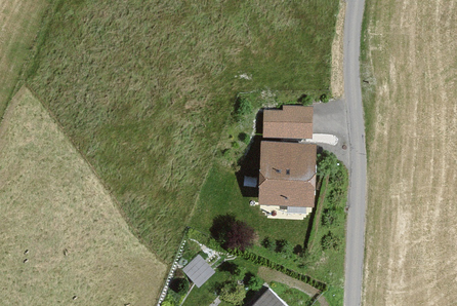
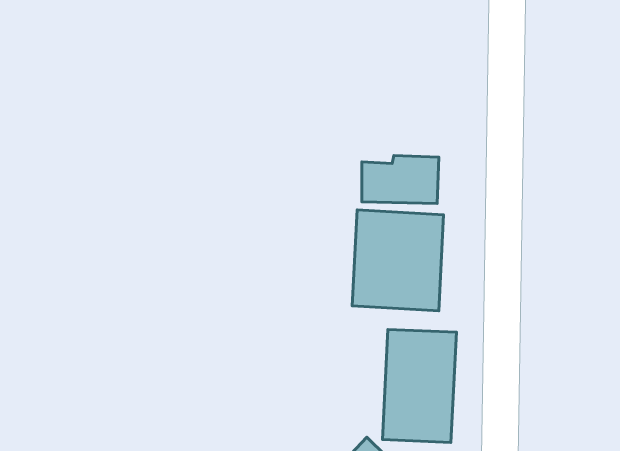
building: none -> [382,329,457,442]

